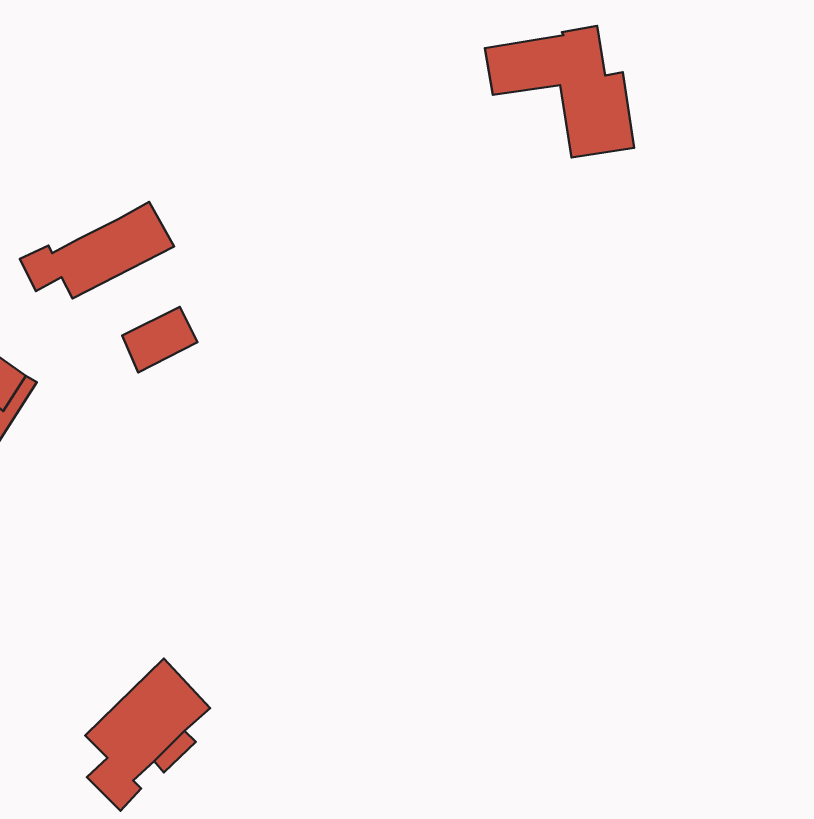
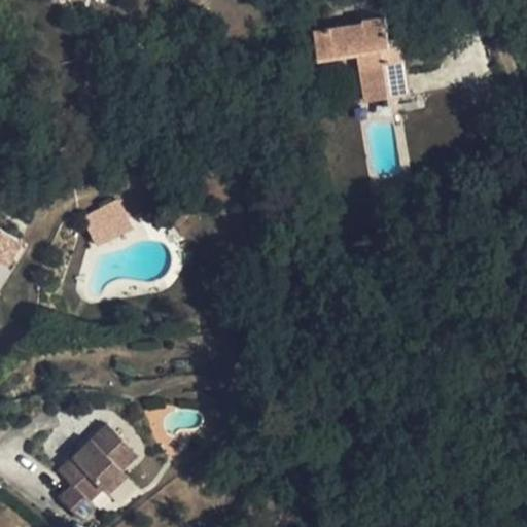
building: [20,202,174,298] -> none

